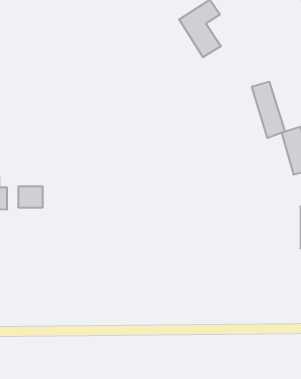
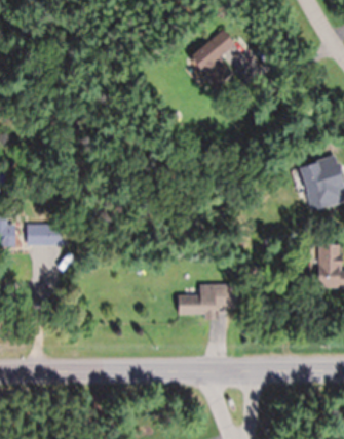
building: [252,82,285,138] -> none
building: none -> [178,284,238,316]

